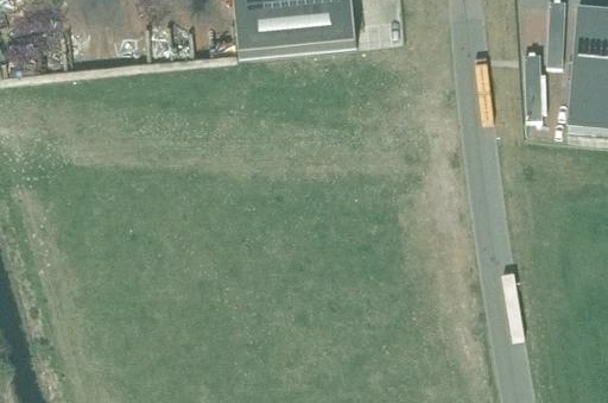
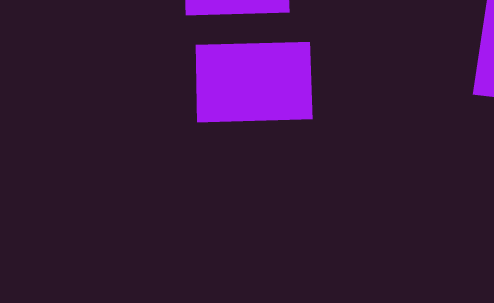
building: none -> [195,41,313,123]

